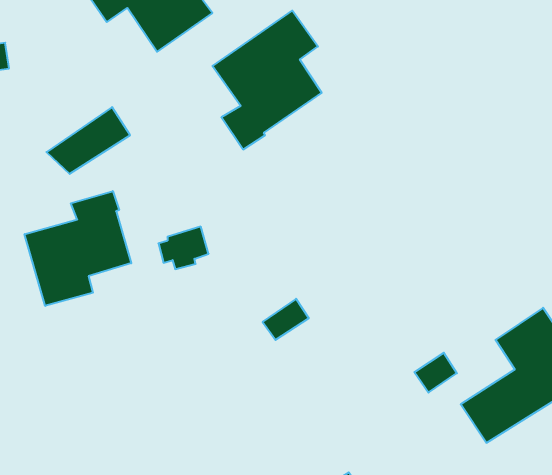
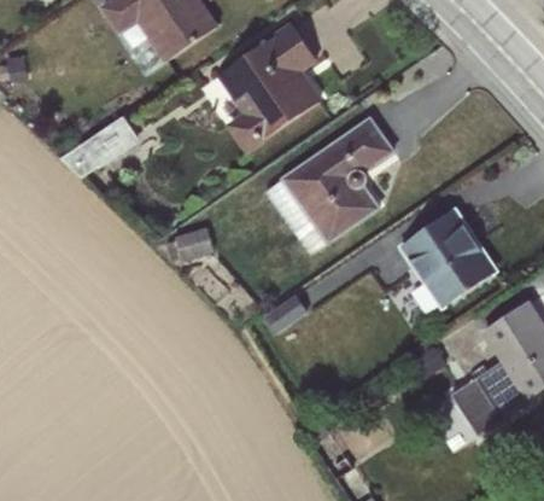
building: none -> [265,116,393,252]
building: [25,191,131,306] -> none
building: none -> [398,209,493,305]

